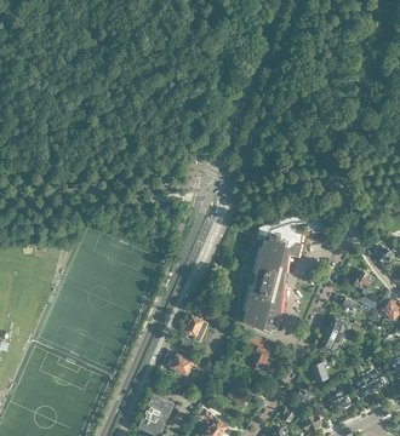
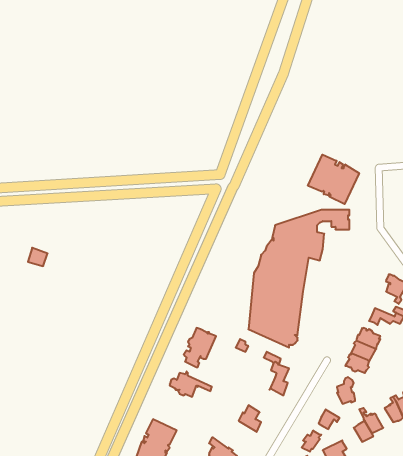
building: none -> [308,155,359,204]

